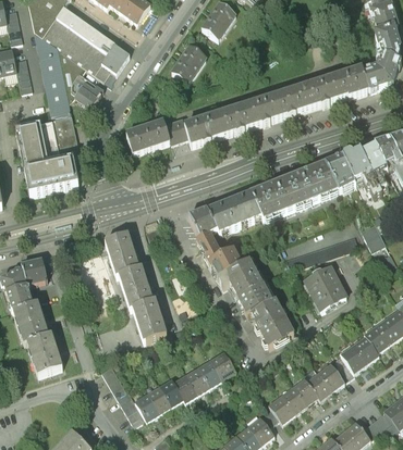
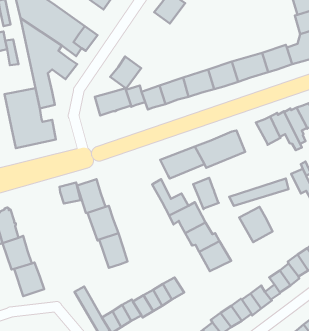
building: [170,42,208,82] -> [110,57,141,88]
building: [301,161,339,197] -> none
building: [188,207,217,235] -> none
building: none -> [193,178,219,209]
building: [22,255,48,282] -> [59,182,81,204]

